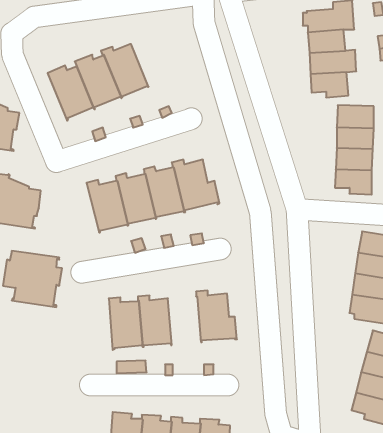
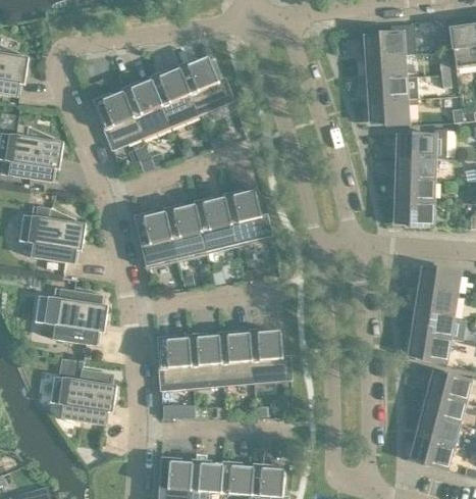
building: none -> [176,57,232,114]
building: none -> [217,331,253,386]
building: none -> [53,357,116,426]

